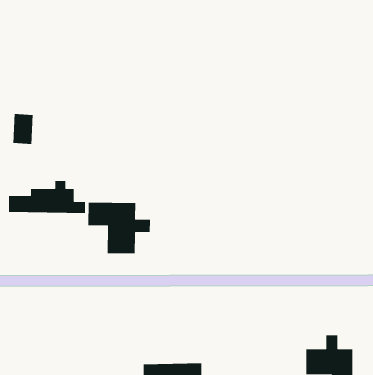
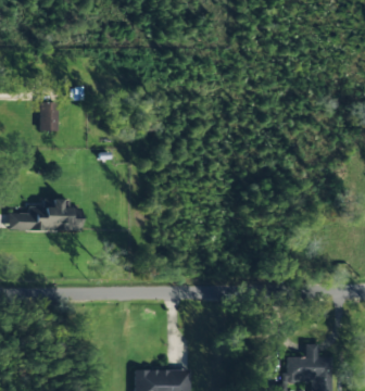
building: [13,113,33,145] -> [40,101,60,130]
building: [87,202,151,254] -> none

